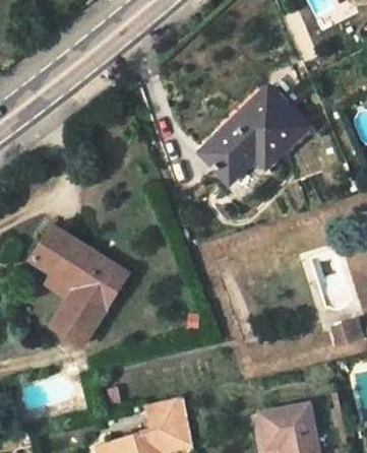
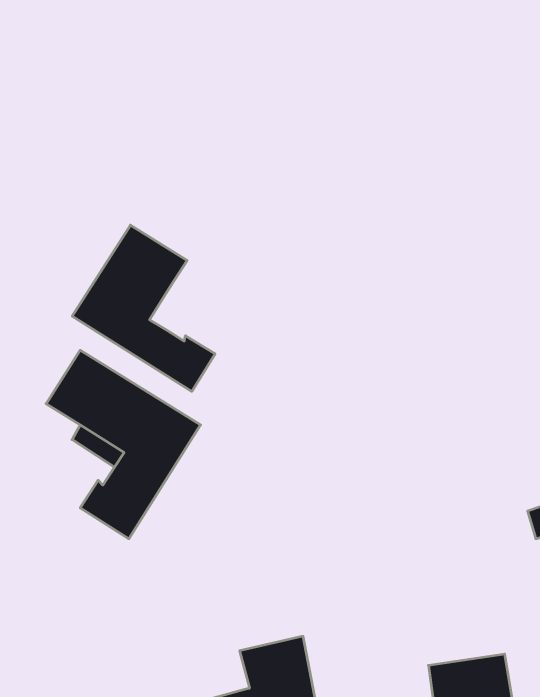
building: [200,85,306,182] -> none
building: none -> [72,225,215,391]

